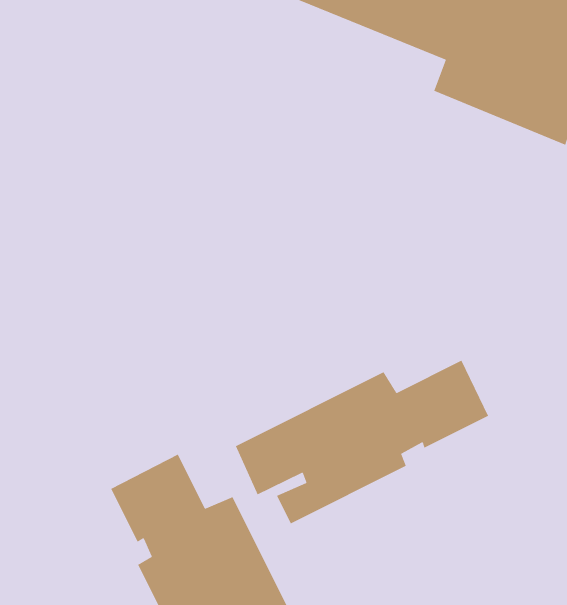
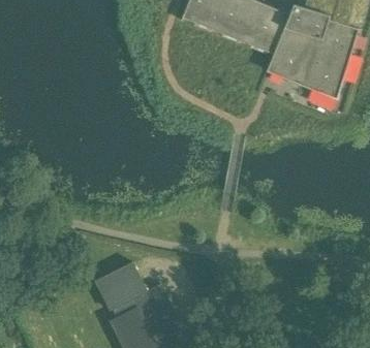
building: [235,360,489,524] -> none

